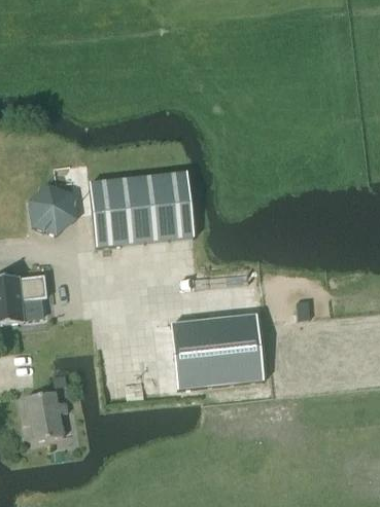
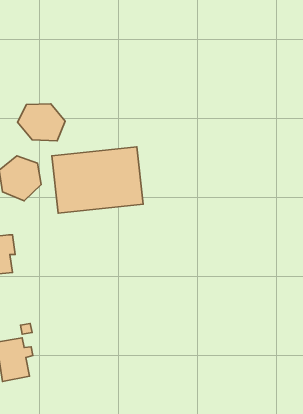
building: none -> [18,104,65,141]
building: [171,314,265,389] -> none

